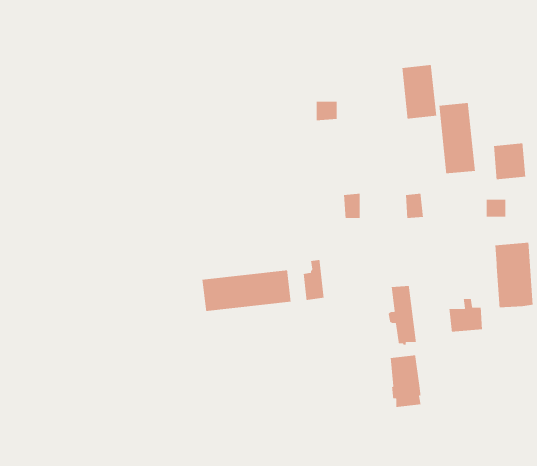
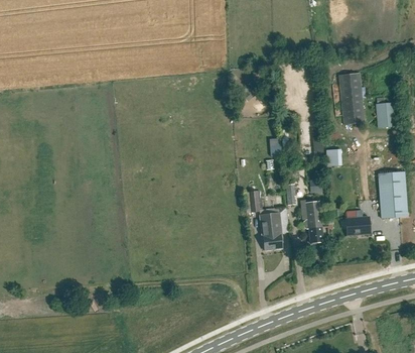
building: [401,64,437,119] -> none
building: [201,270,292,312] -> none
building: [390,355,421,408] -> [260,212,282,249]

